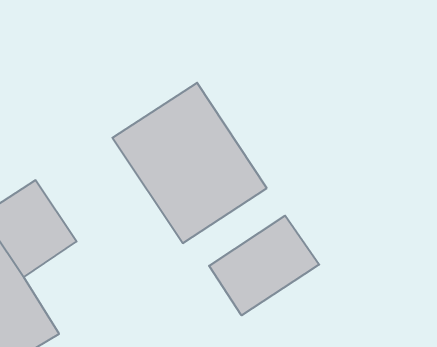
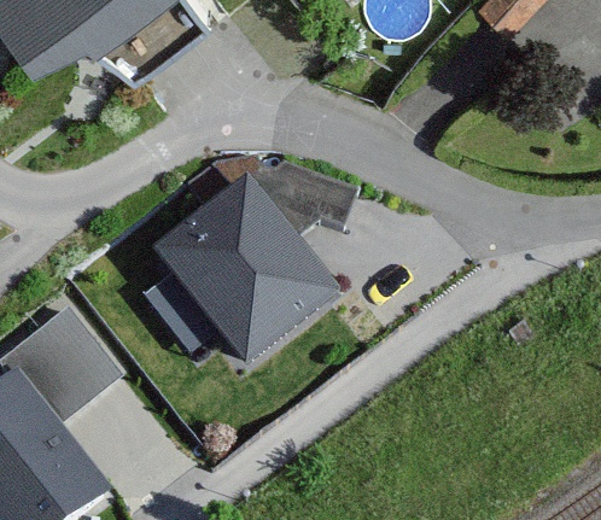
building: [209,216,319,315] -> none

